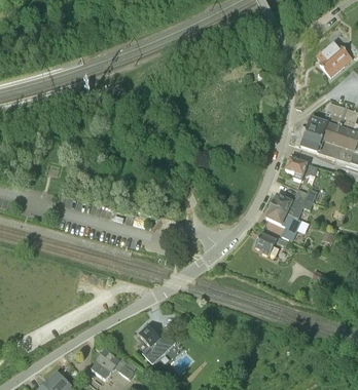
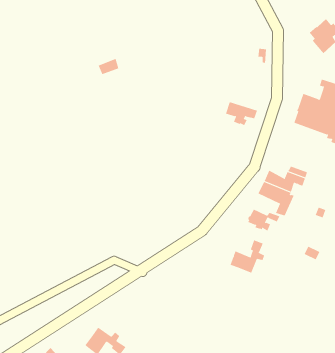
building: [284,158,317,183] -> [225,101,258,126]
building: none -> [230,240,265,273]
building: [138,325,174,363] -> none

